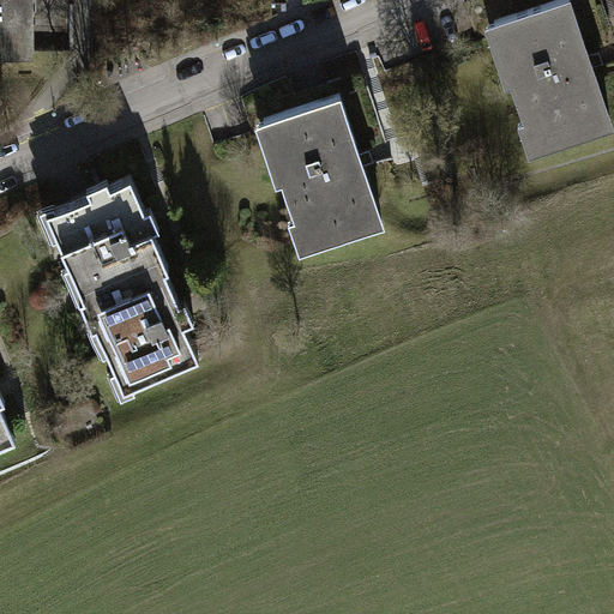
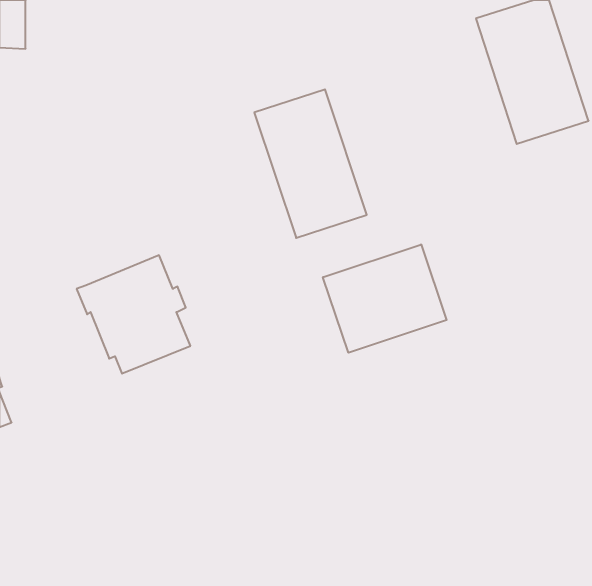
building: [44,180,164,302] -> none
building: none -> [323,244,447,353]

